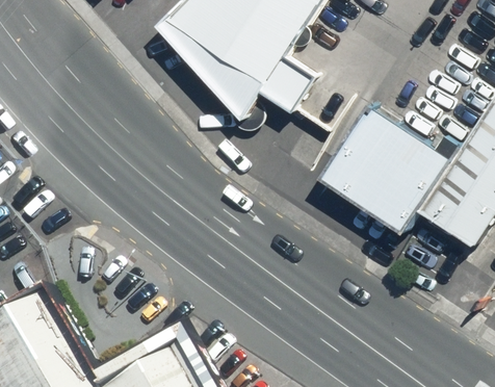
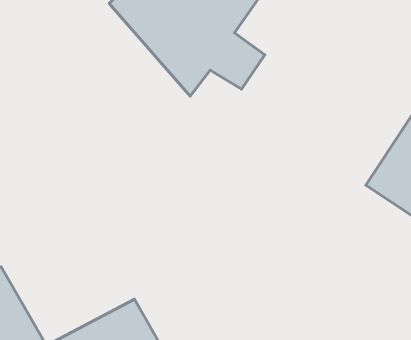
building: [315,103,452,237] -> none

